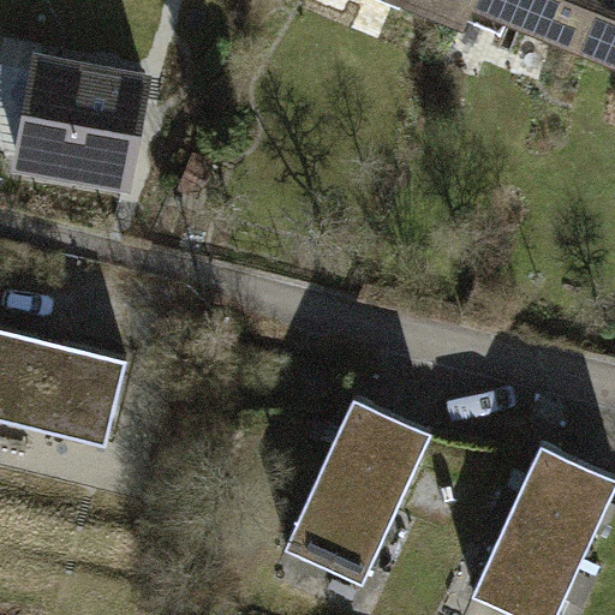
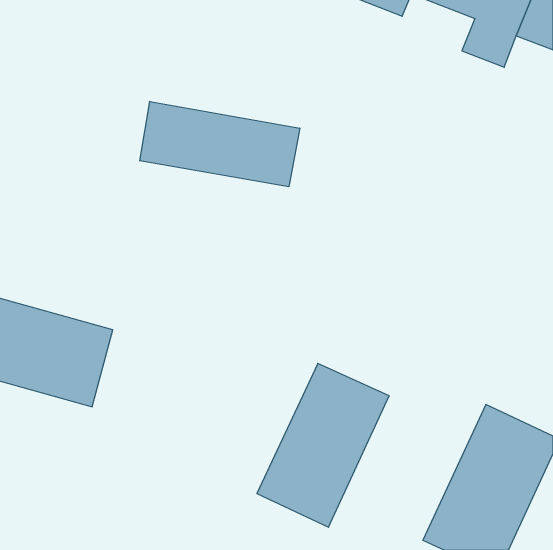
building: [16,55,149,183] -> none
building: none -> [140,101,300,187]

